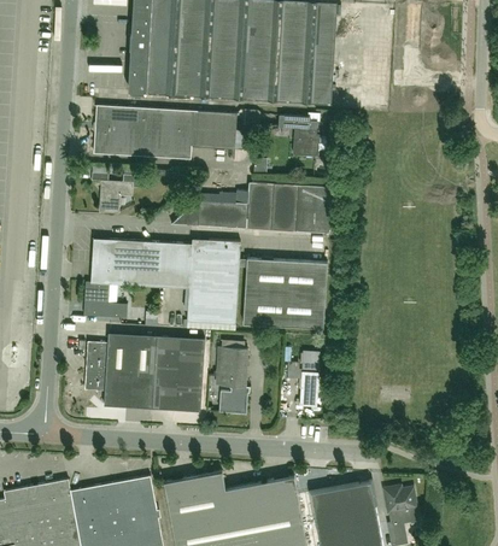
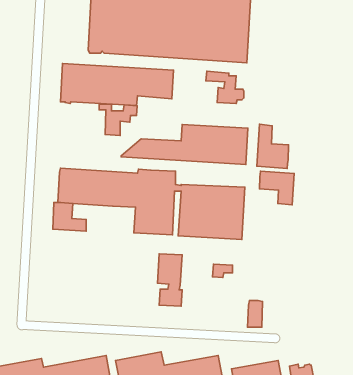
building: [92,174,140,213] -> [99,104,137,135]
building: none -> [257,124,289,169]
building: none -> [259,171,294,205]
building: [84,333,204,411] -> none
building: [298,371,317,405] -> [247,300,263,327]

